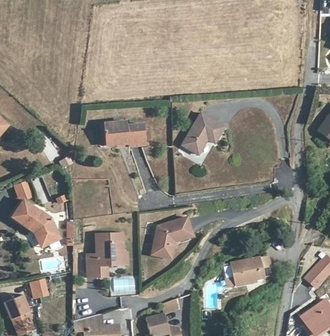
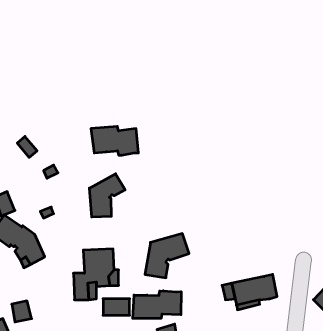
building: [181,113,223,153] -> none
building: none -> [89,174,125,217]
building: none -> [133,291,181,318]

